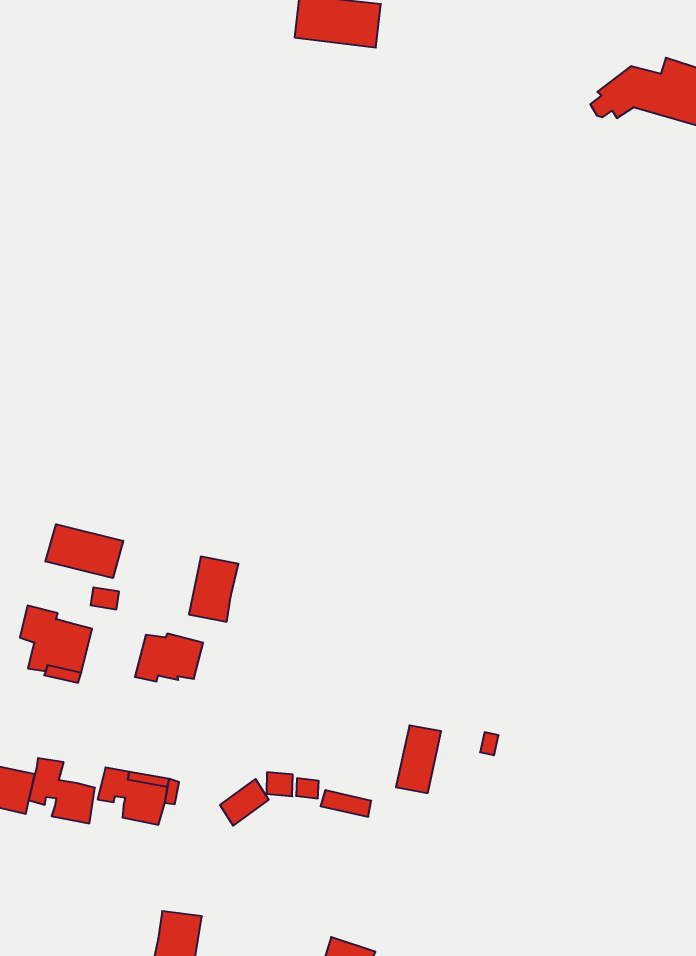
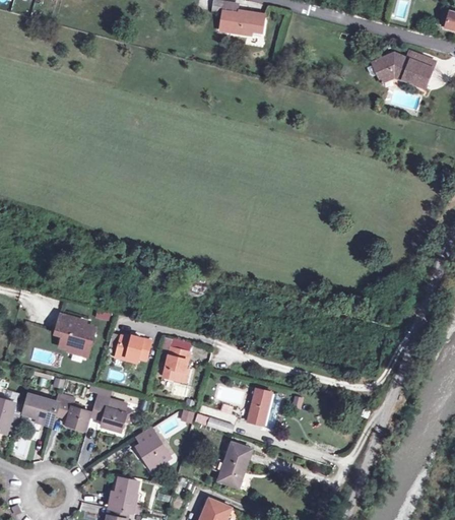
building: [45,524,123,578] -> none
building: [189,557,239,622] -> [161,345,189,380]
building: none -> [137,427,171,467]
building: none -> [207,439,247,482]

